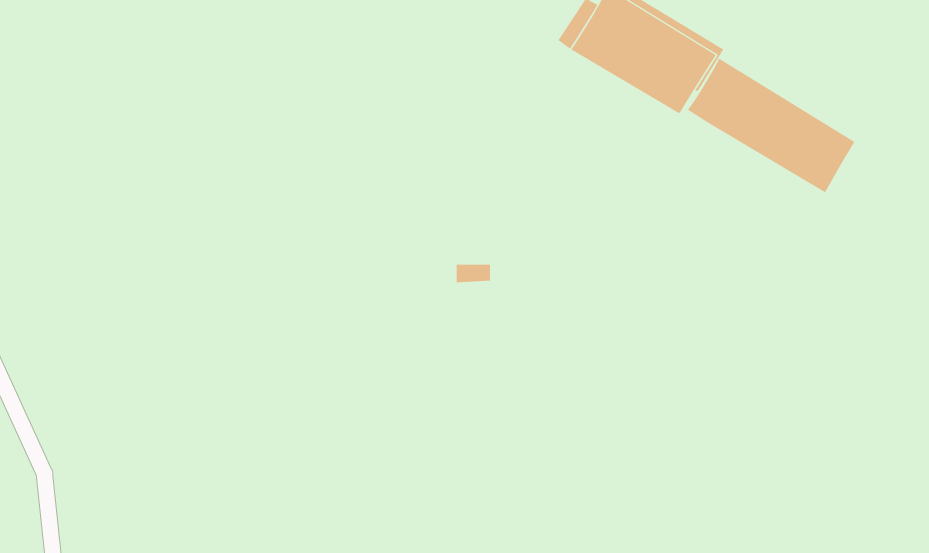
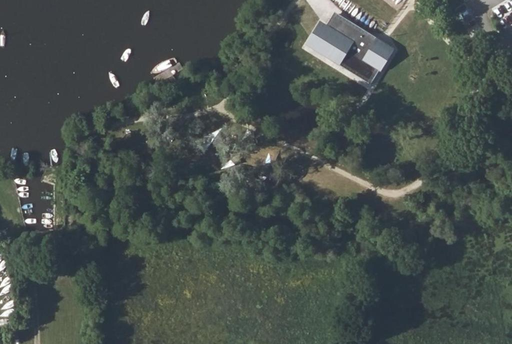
building: [687,58,855,193] -> none

